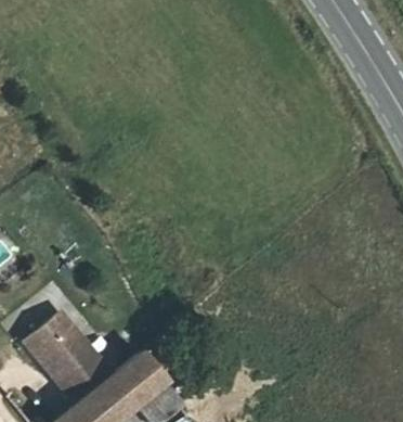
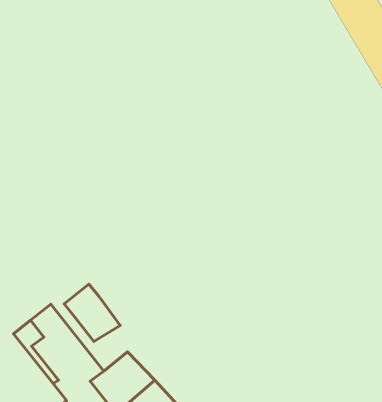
building: none -> [64,284,120,341]

